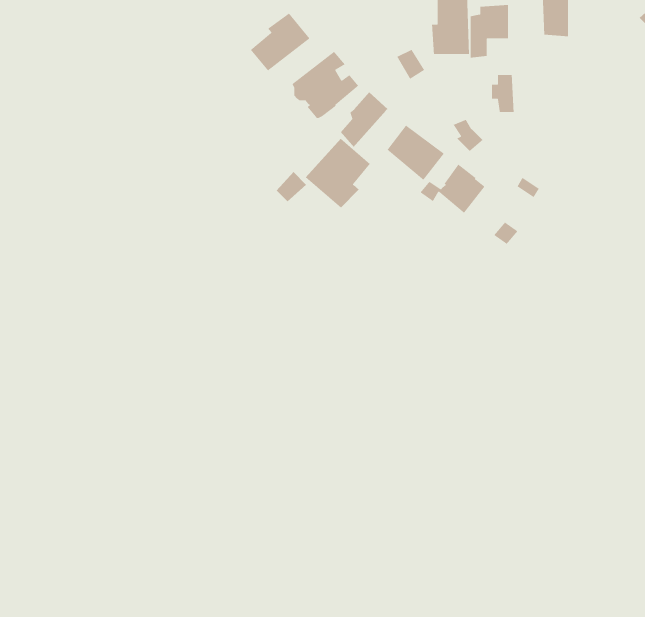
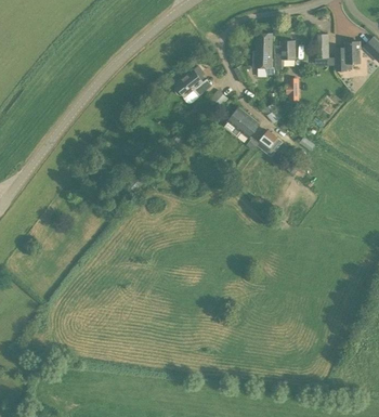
building: none -> [336,41,360,69]
building: [250,13,310,71] -> none
building: [305,138,371,209] -> none

